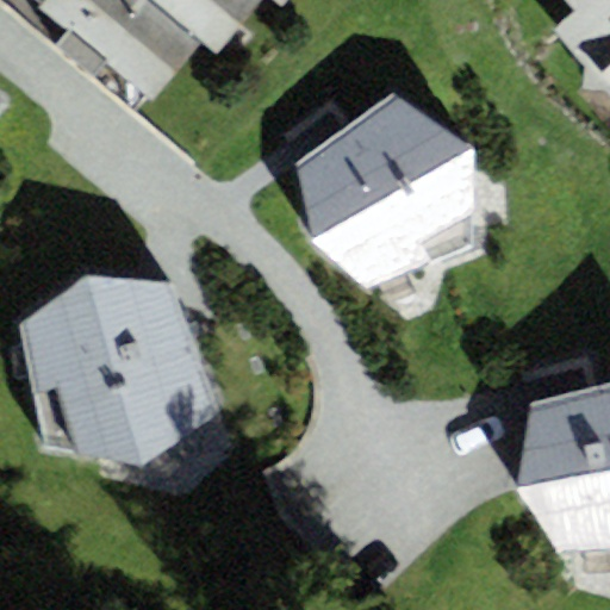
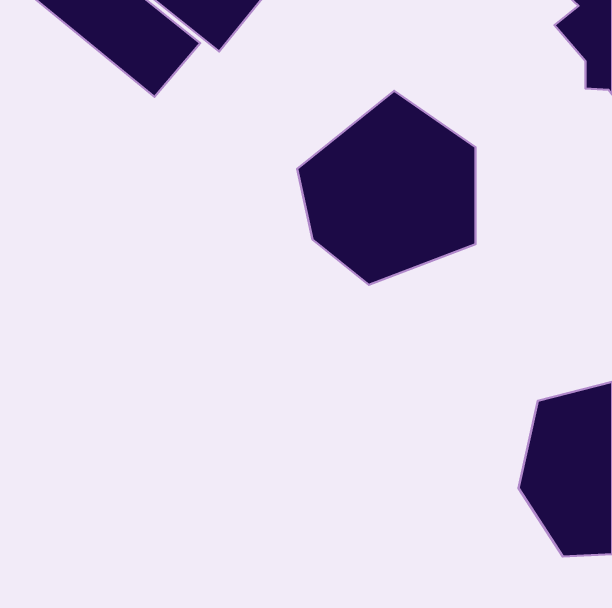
building: [19,273,217,465] -> none

